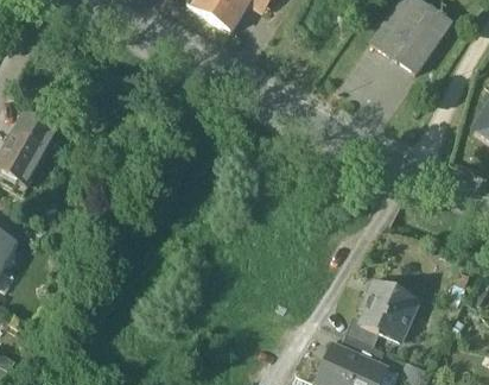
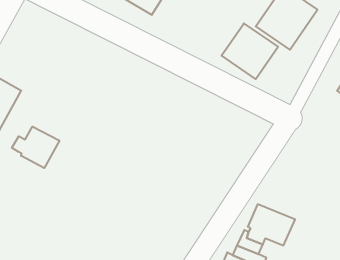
building: none -> [222,23,278,79]
building: none -> [12,127,59,168]

